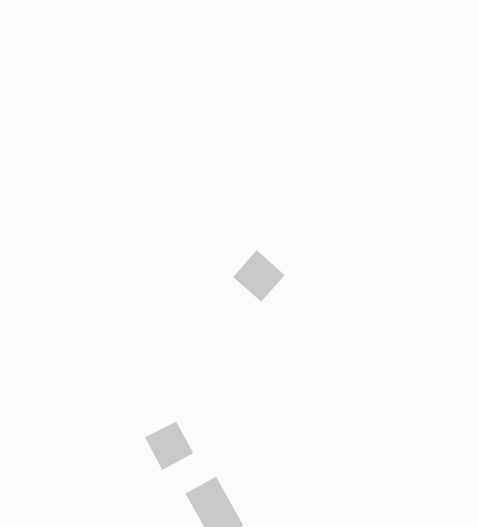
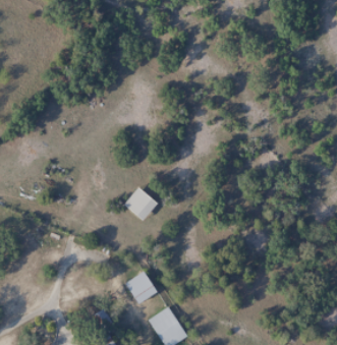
building: [232,249,285,303] -> [124,186,158,220]

